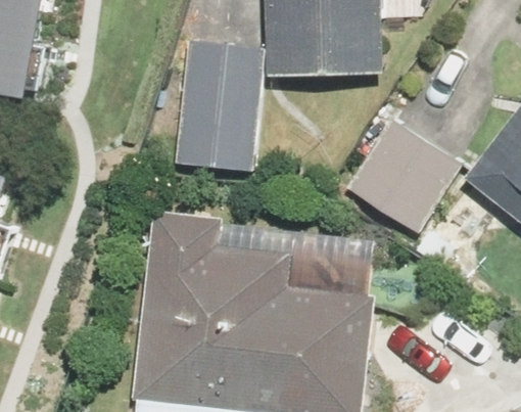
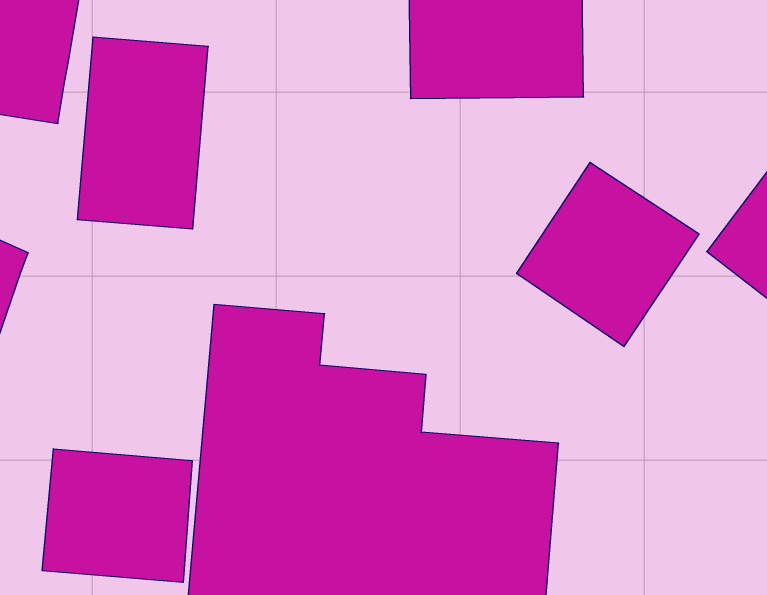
building: [178,42,264,168] -> [77,37,208,229]
building: none -> [42,449,192,582]

